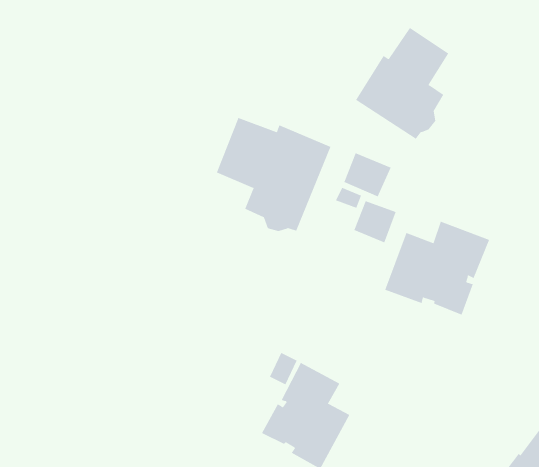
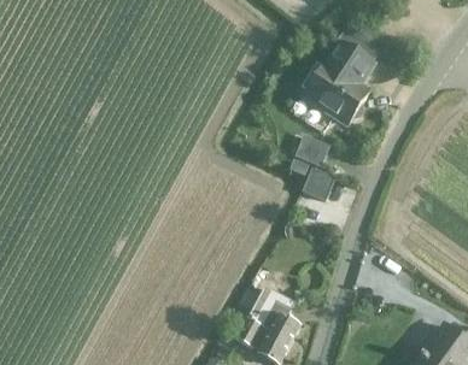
building: [216,117,331,232] -> none
building: [384,221,490,316] -> none

